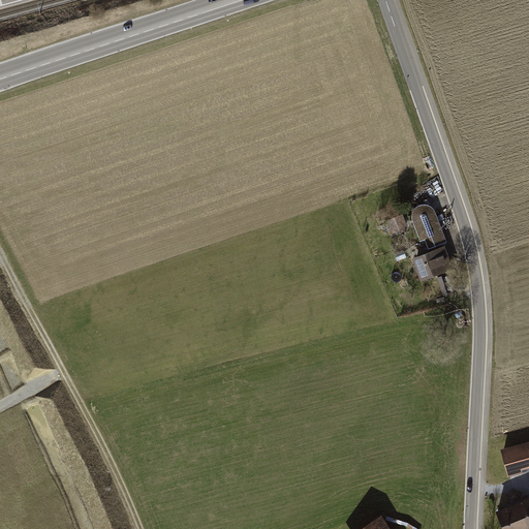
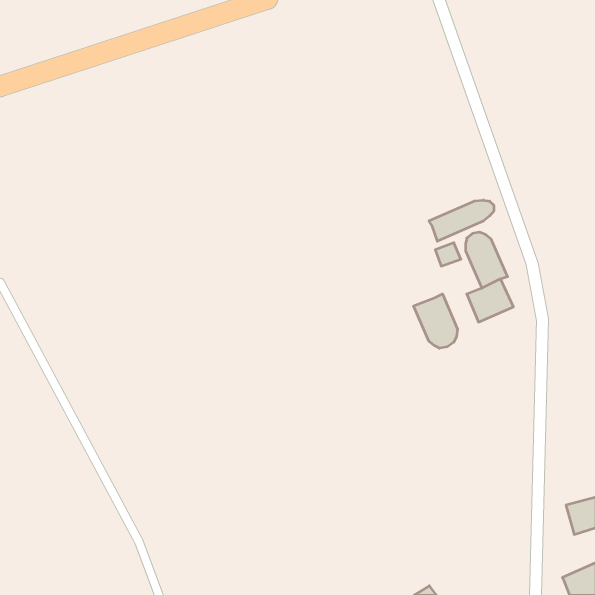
building: none -> [429,200,494,241]
building: none -> [414,294,458,348]

